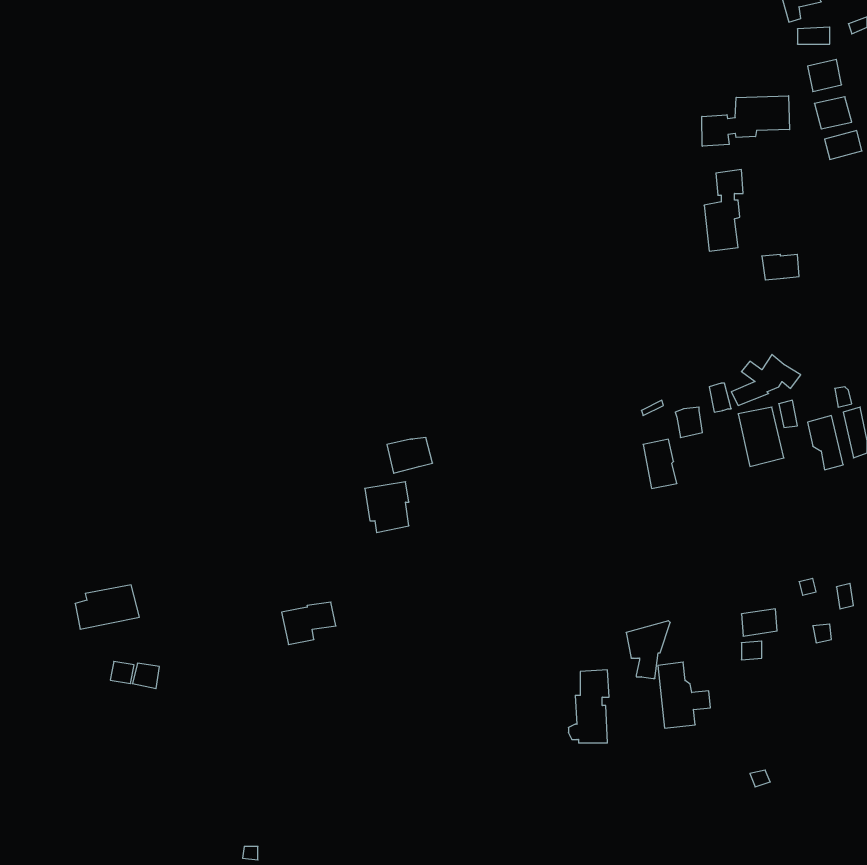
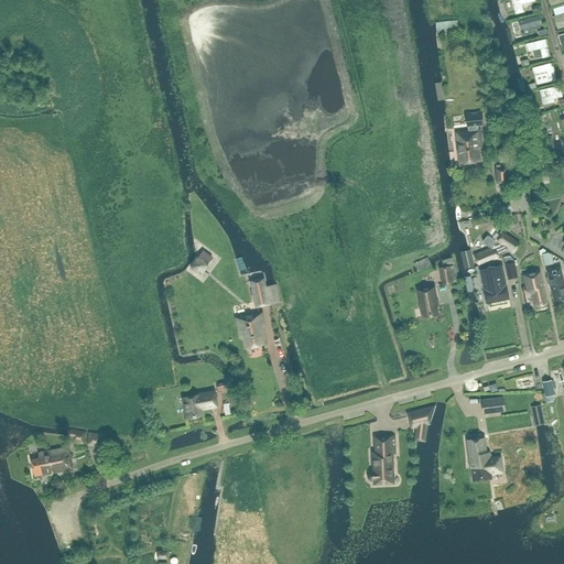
building: [702,96,790,146] -> none
building: [75,585,139,629] -> [32,446,74,475]
building: [658,662,710,728] -> [468,437,502,480]

